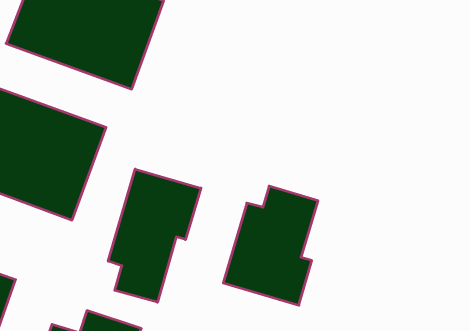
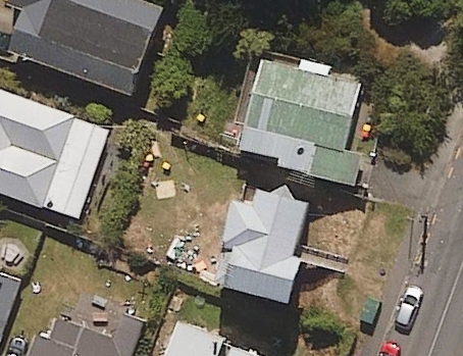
building: none -> [244,55,361,183]
building: [108,169,201,302] -> none

